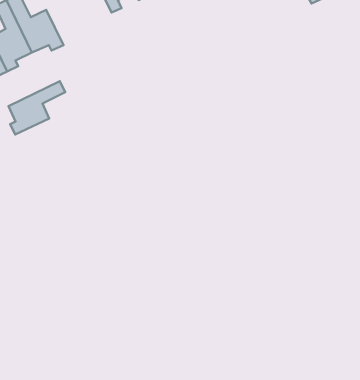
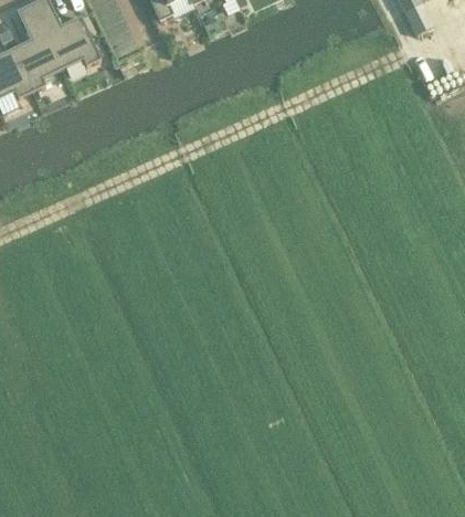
building: [8,81,65,135] -> none

